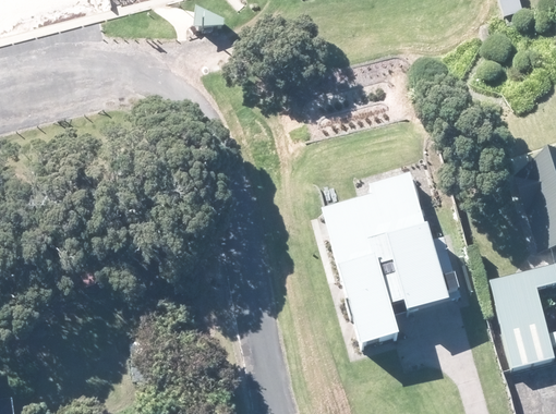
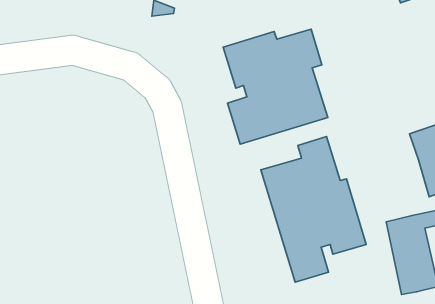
building: none -> [223,29,328,144]

